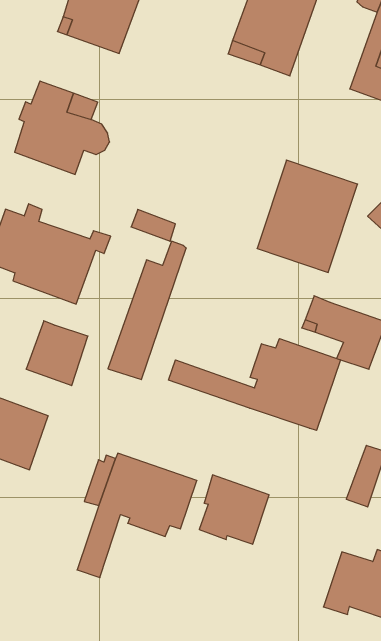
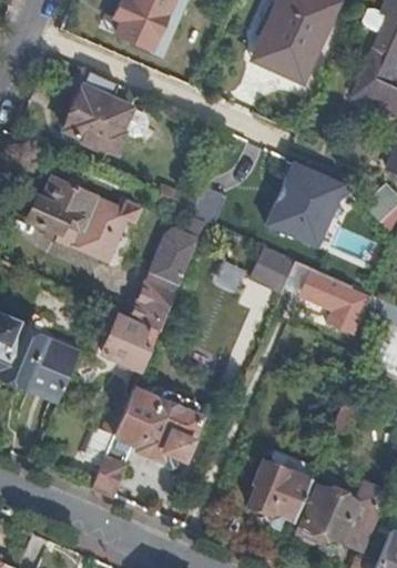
building: none -> [247,244,294,290]
building: [26,321,88,386] -> [104,314,159,371]
building: [168,339,340,430] -> none
building: [199,475,269,544] -> [248,460,309,521]

